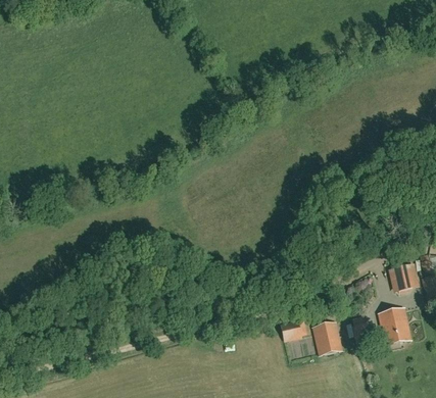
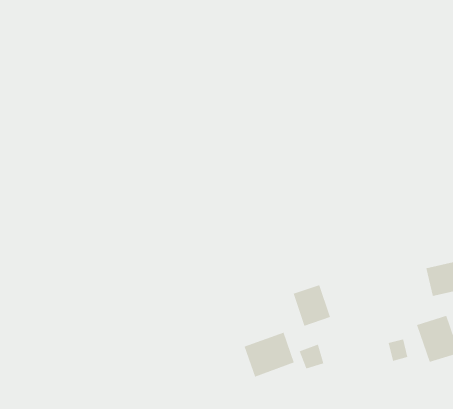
building: none -> [244,332,295,377]
building: [312,321,341,354] -> [293,284,331,326]

